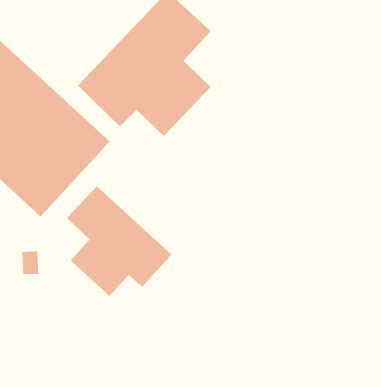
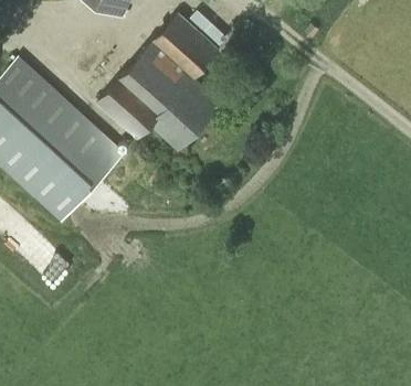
building: [66,185,172,297] -> none

